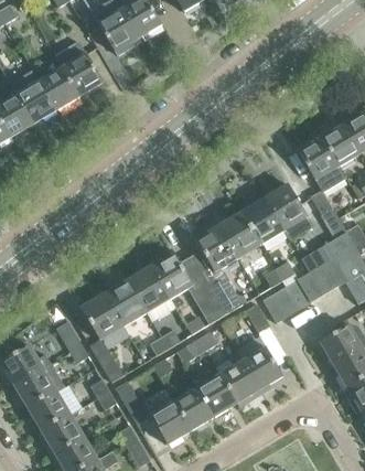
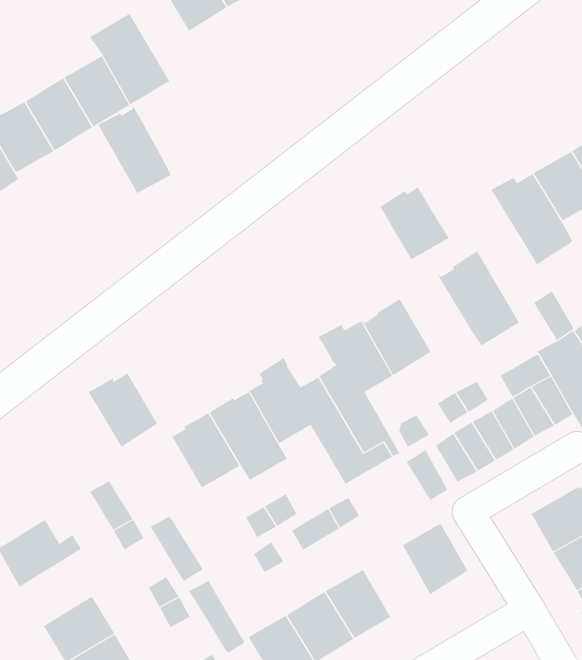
building: none -> [97,104,171,194]
building: [241,200,283,244] -> [380,187,450,260]
building: [80,293,122,340] -> [88,370,158,447]
building: [219,351,259,406] -> none
building: [13,362,65,408] -> none

